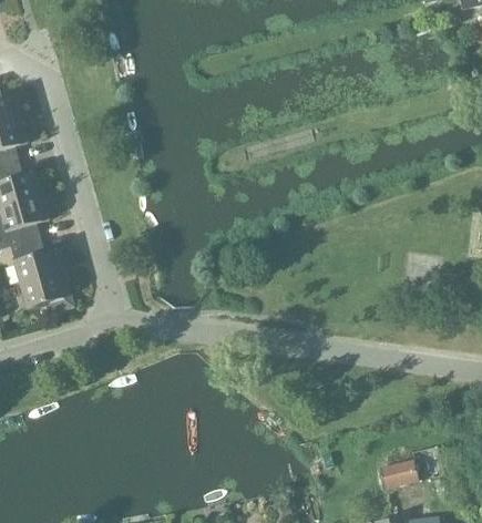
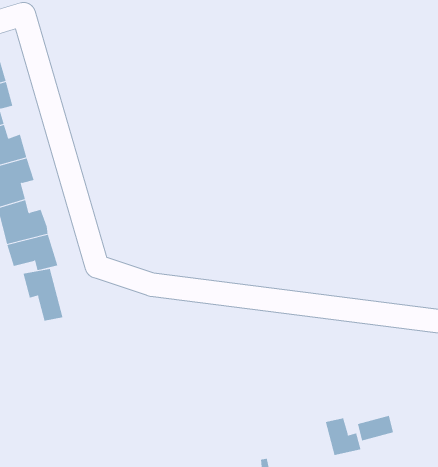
building: none -> [23,268,63,321]
building: none -> [325,417,361,456]

